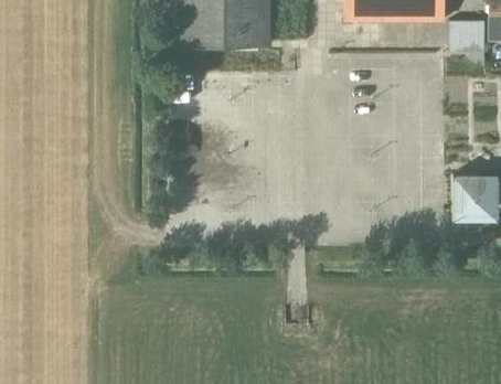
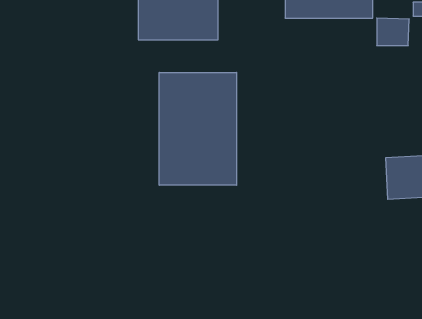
building: none -> [159,72,237,185]

